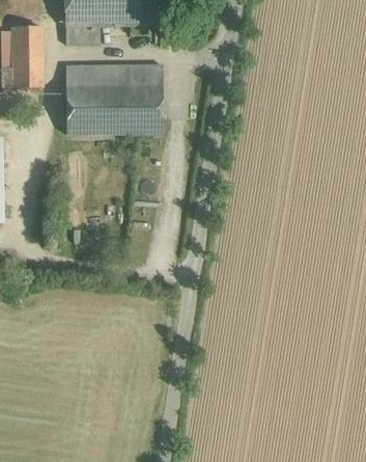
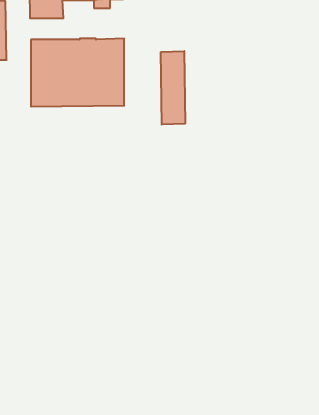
building: none -> [161,51,185,125]

